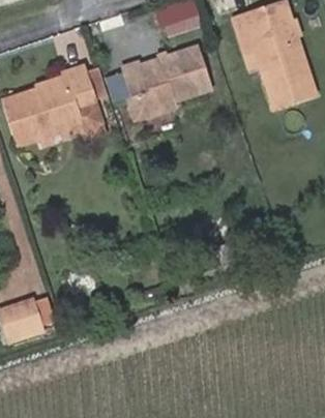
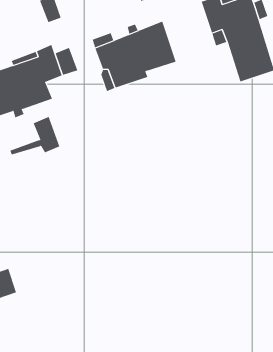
building: [47,100,100,142] -> [9,116,60,155]

